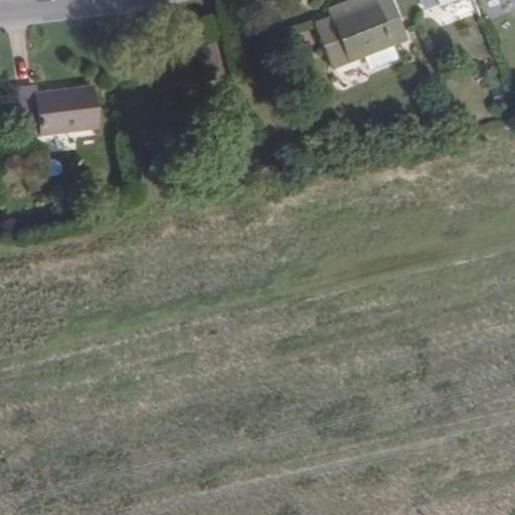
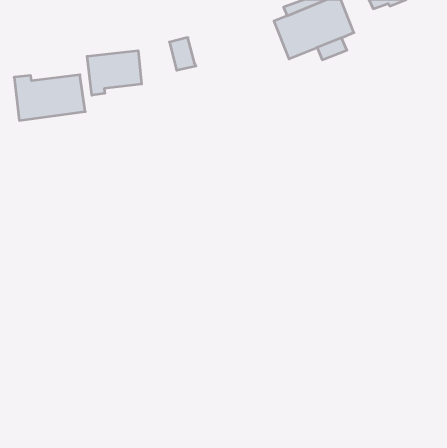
building: none -> [87,51,142,95]

